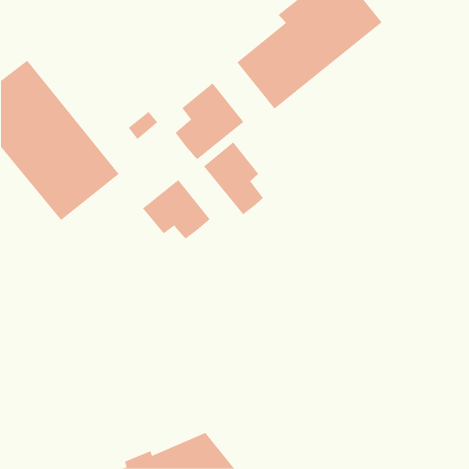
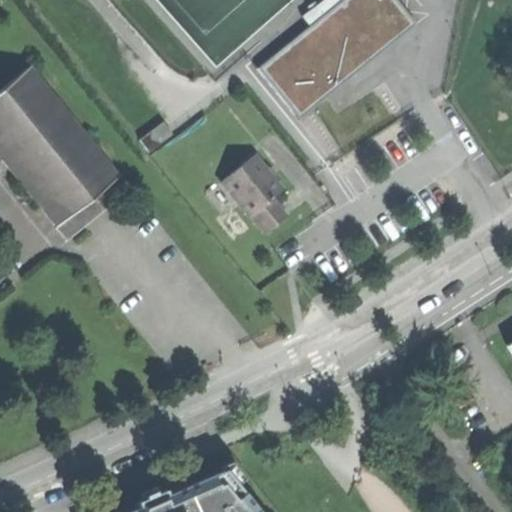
building: [175,82,244,160] -> none
building: [142,179,211,240] -> none

